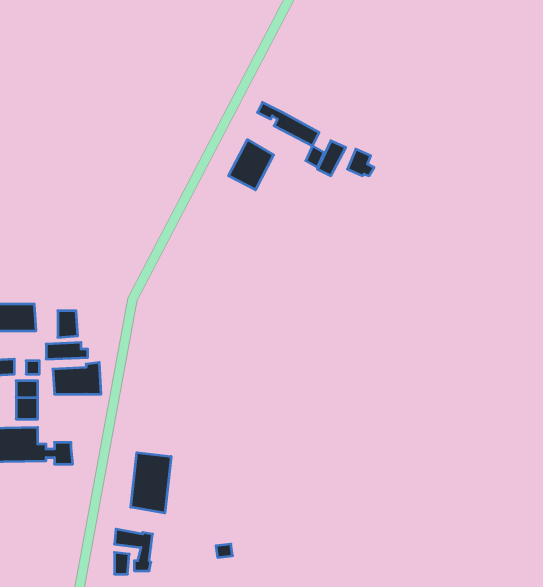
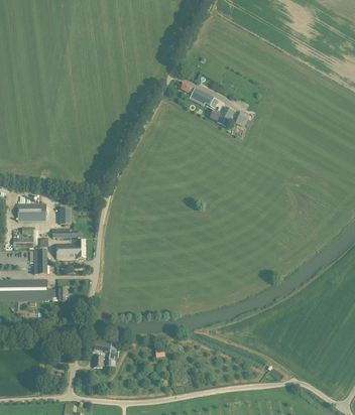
building: [229,140,274,190] -> none
building: [131,453,171,513] -> none

